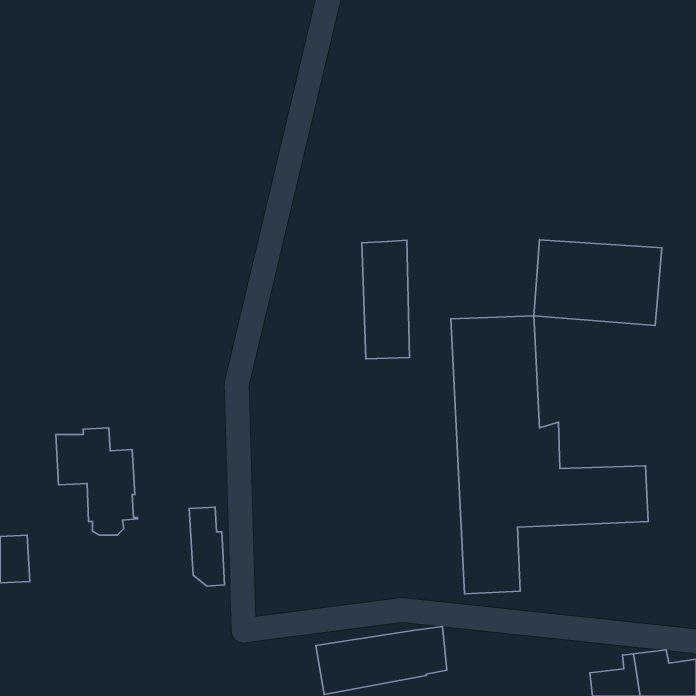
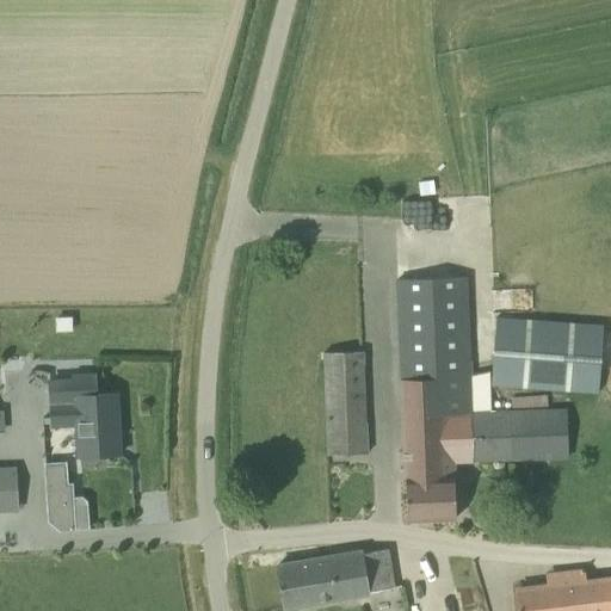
building: [534,240,662,326] -> [492,317,604,393]
building: [362,240,409,359] -> [325,351,366,455]
building: [189,507,225,586] -> [44,462,75,531]

